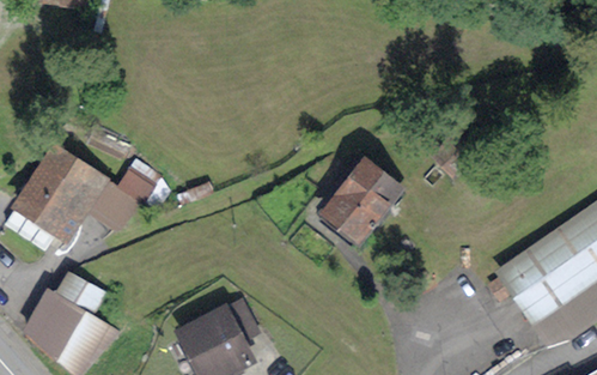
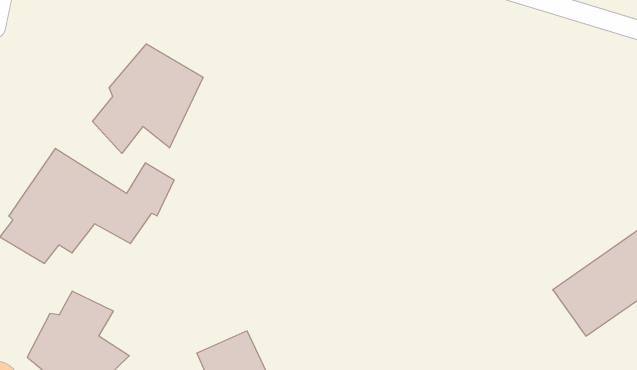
building: none -> [93,44,203,153]
building: [321,157,403,241] -> none

